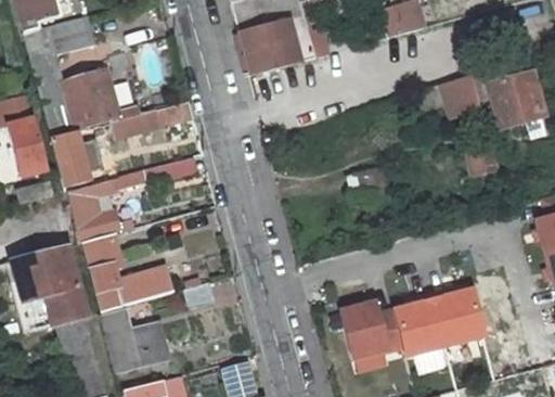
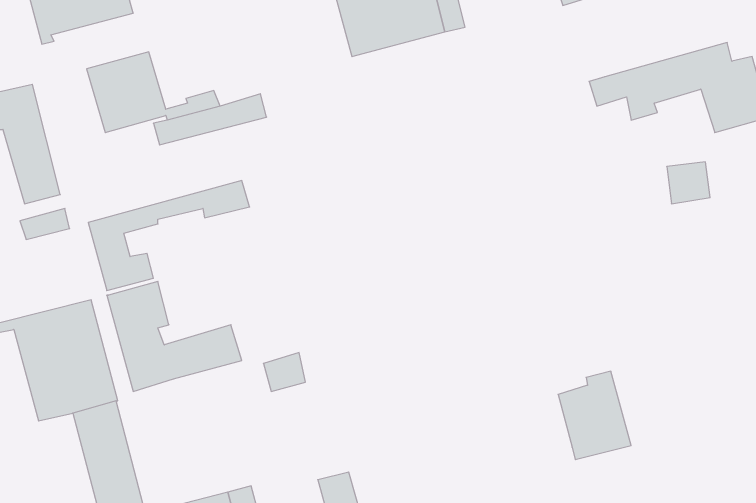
building: [51,131,98,187] -> none
building: [430,290,482,347] -> none
building: [339,304,403,359] -> none
building: [105,310,171,369] -> none

